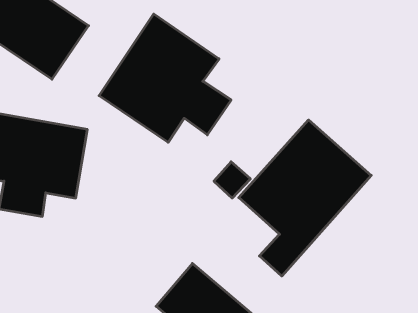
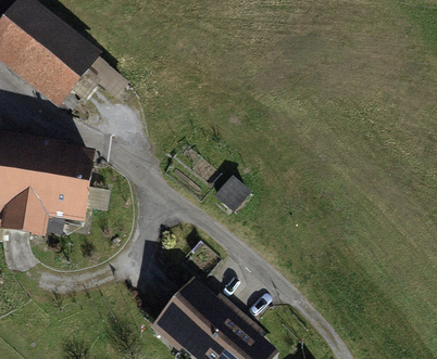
building: [99,14,231,142] -> none
building: [239,120,371,276] -> none

